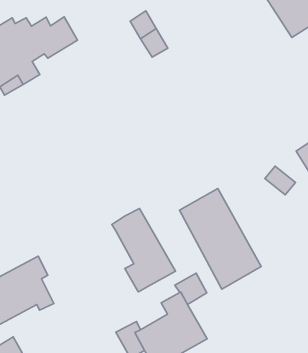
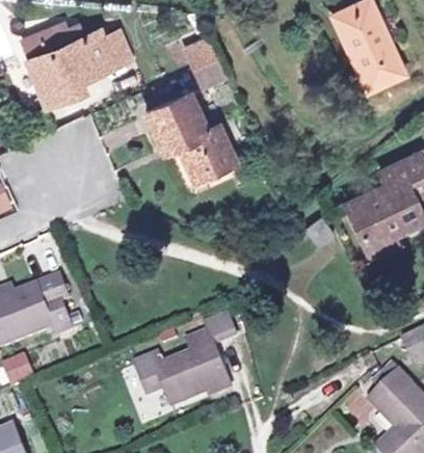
building: none -> [151,95,235,176]
building: [179,189,261,289] -> none
building: [112,208,175,292] -> none

